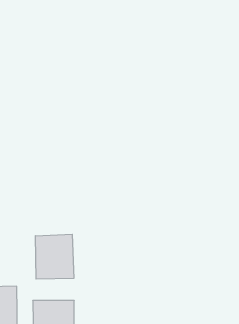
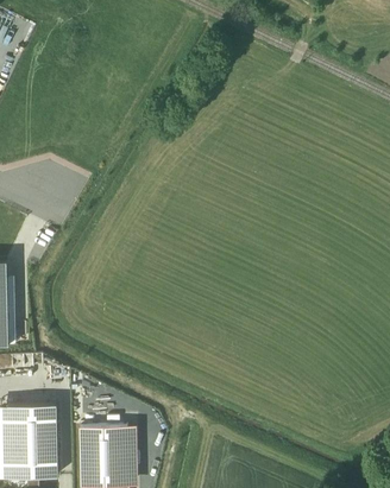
building: [35,234,74,279] -> none

